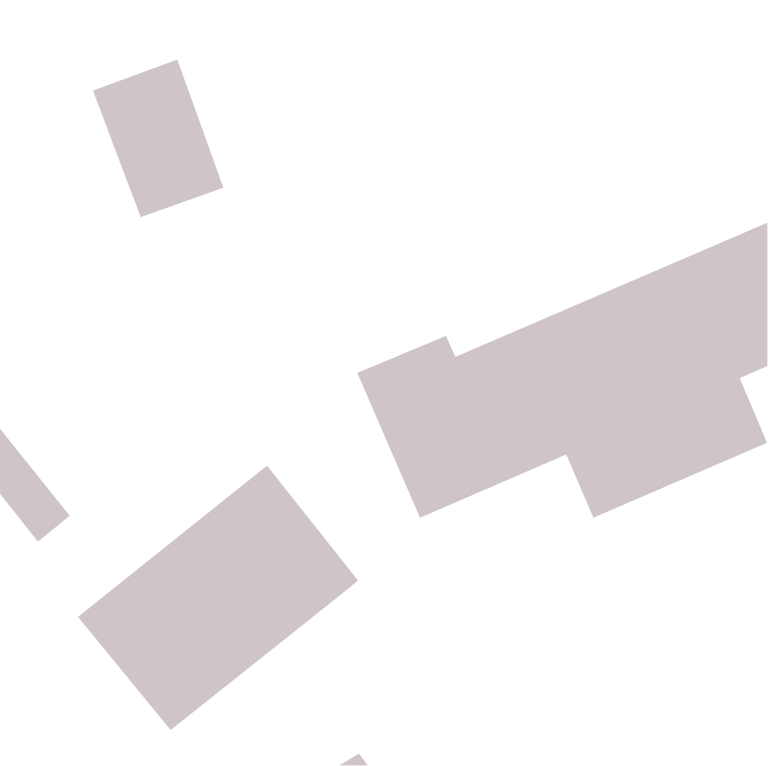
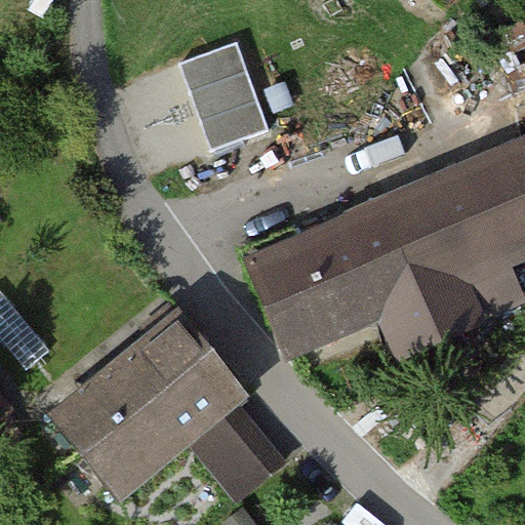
building: [92,58,225,218] -> [178,41,269,150]
building: none -> [187,400,287,501]

